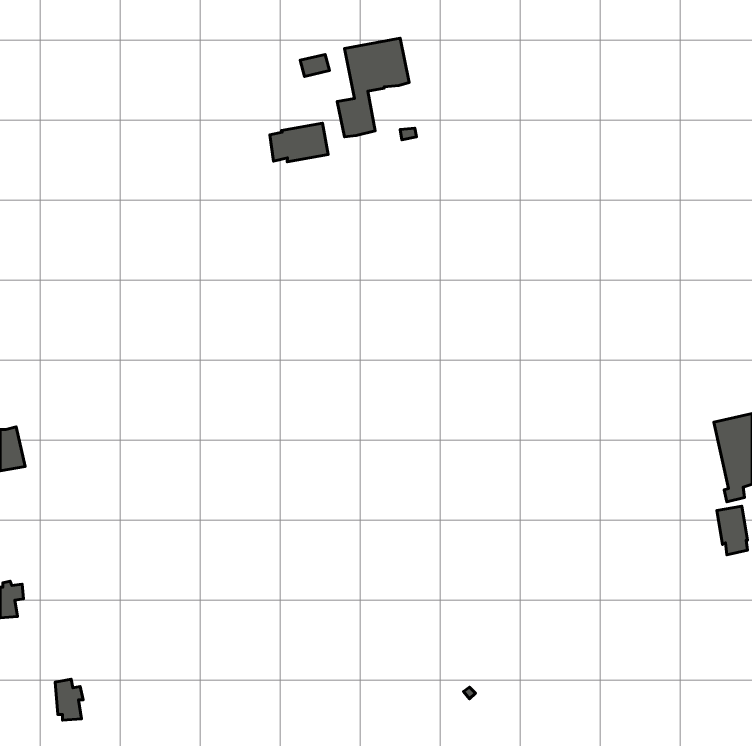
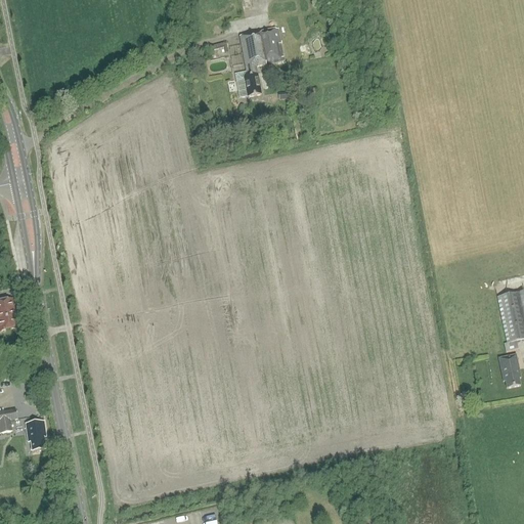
building: [270,123,328,162] -> none
building: [55,679,83,720] -> [27,420,46,448]

